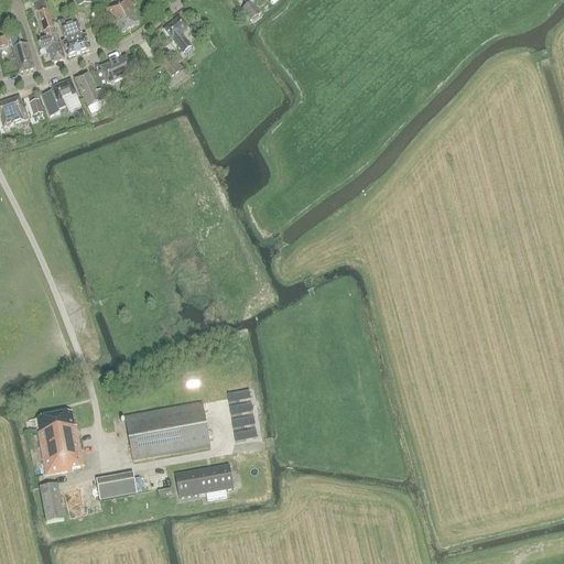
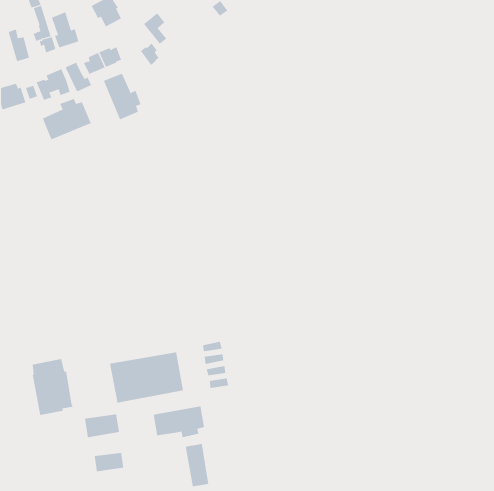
building: none -> [103,73,141,120]
building: none -> [42,98,91,140]
building: [39,482,63,521] -> none
building: none -> [185,443,209,487]
building: none -> [94,452,124,472]

